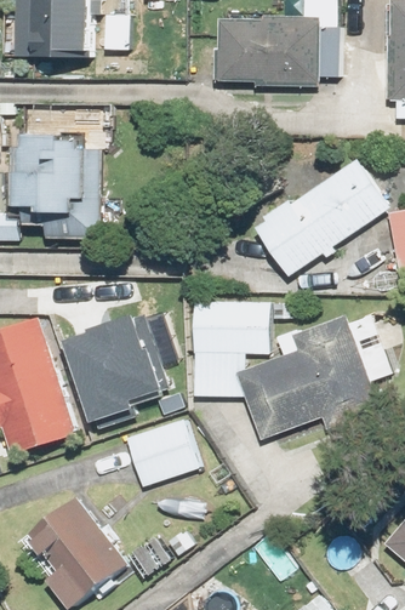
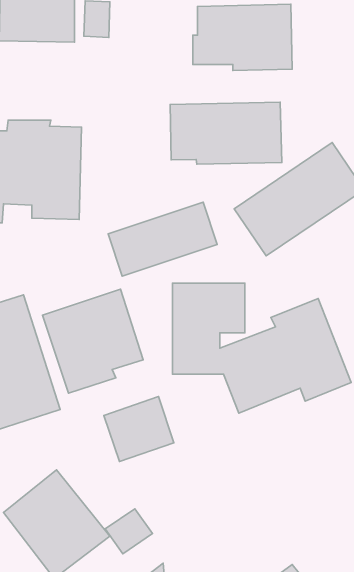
building: none -> [170,102,282,164]
building: none -> [108,202,217,276]

